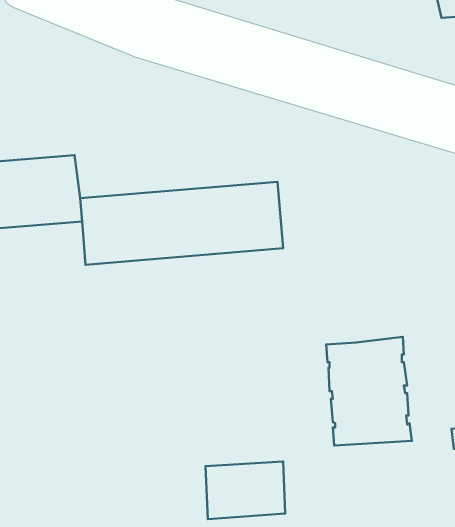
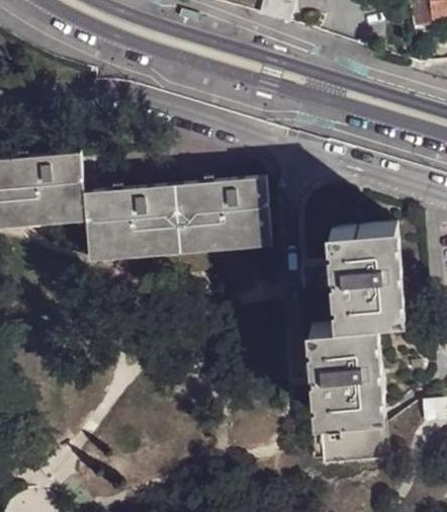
building: none -> [325,225,403,325]
building: [205,462,285,519] -> [312,415,385,467]

